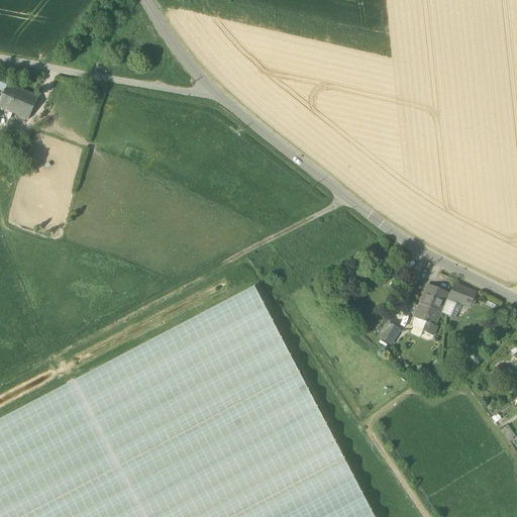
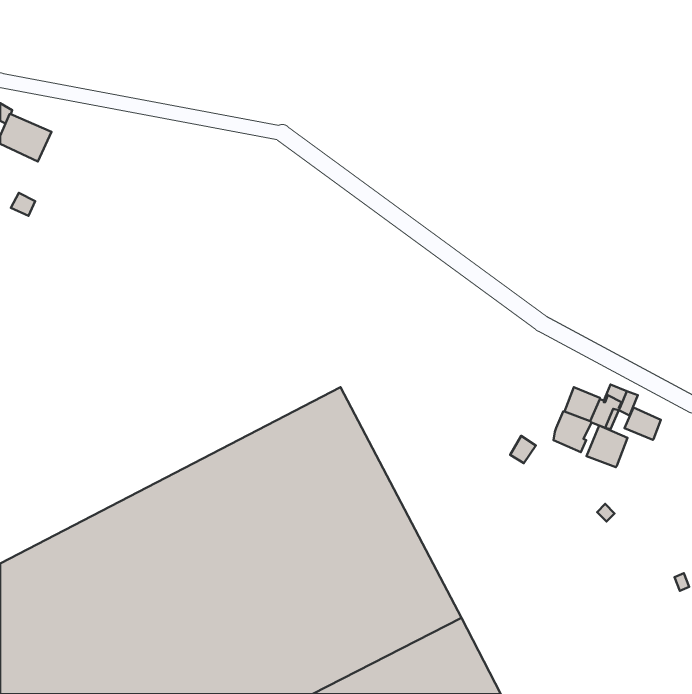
building: none -> [624,407,661,440]
building: none -> [587,425,627,467]

